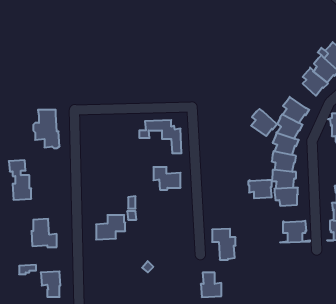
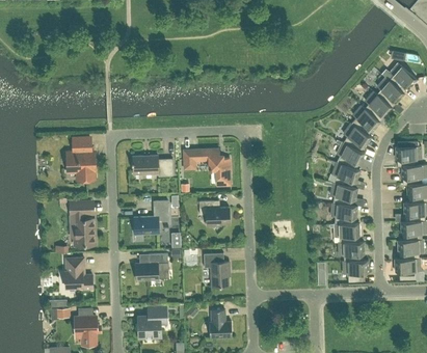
building: [251,109,277,136] -> [351,105,380,135]
building: none -> [132,156,174,175]
building: [9,160,31,200] -> [70,201,95,245]
building: none -> [134,200,168,234]
building: [248,180,272,198] -> [338,242,364,262]
building: [212,229,236,260] -> [204,252,230,287]
building: none -> [137,307,167,340]
building: [201,273,221,297] -> [209,309,232,336]

